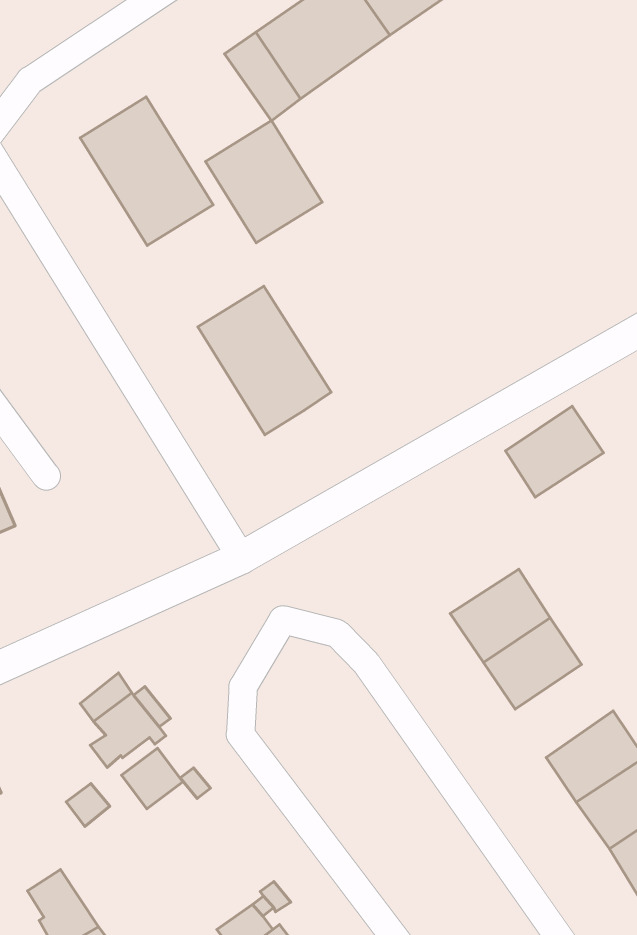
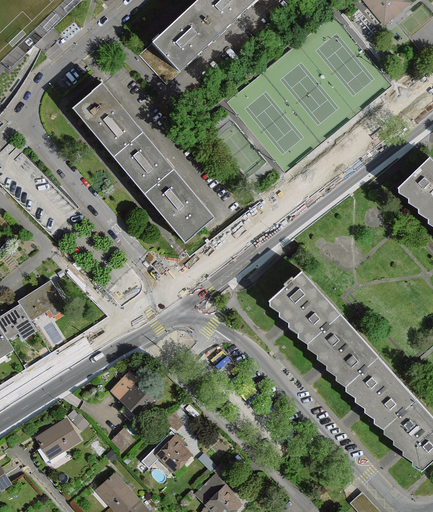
building: [205,121,322,243] -> [112,132,173,194]
building: [506,406,604,497] -> [271,271,320,319]
building: none -> [328,335,377,384]
building: [122,748,183,809] -> [158,439,189,470]

